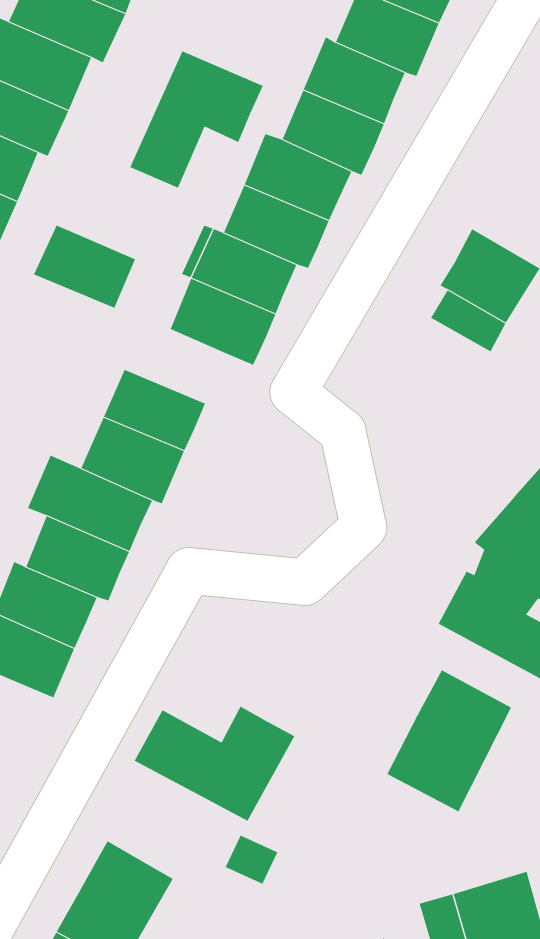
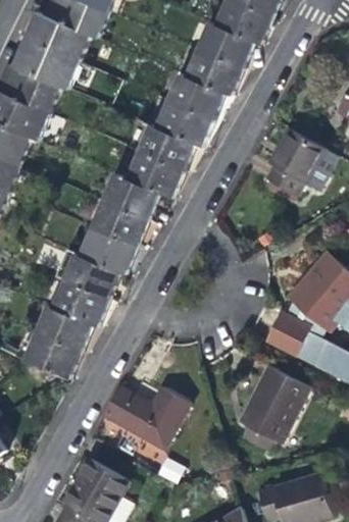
building: [129,50,263,188] -> none
building: [33,225,136,309] -> [101,178,156,223]

